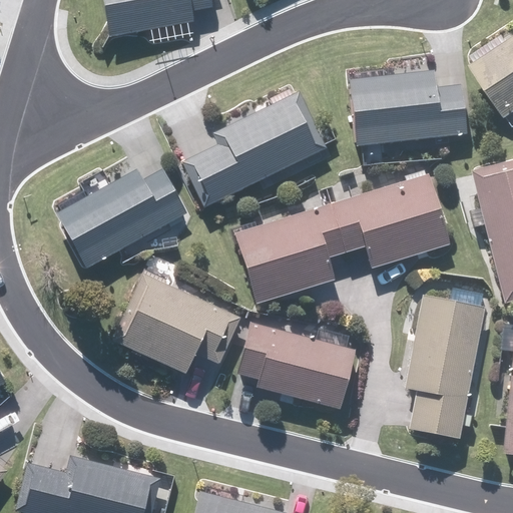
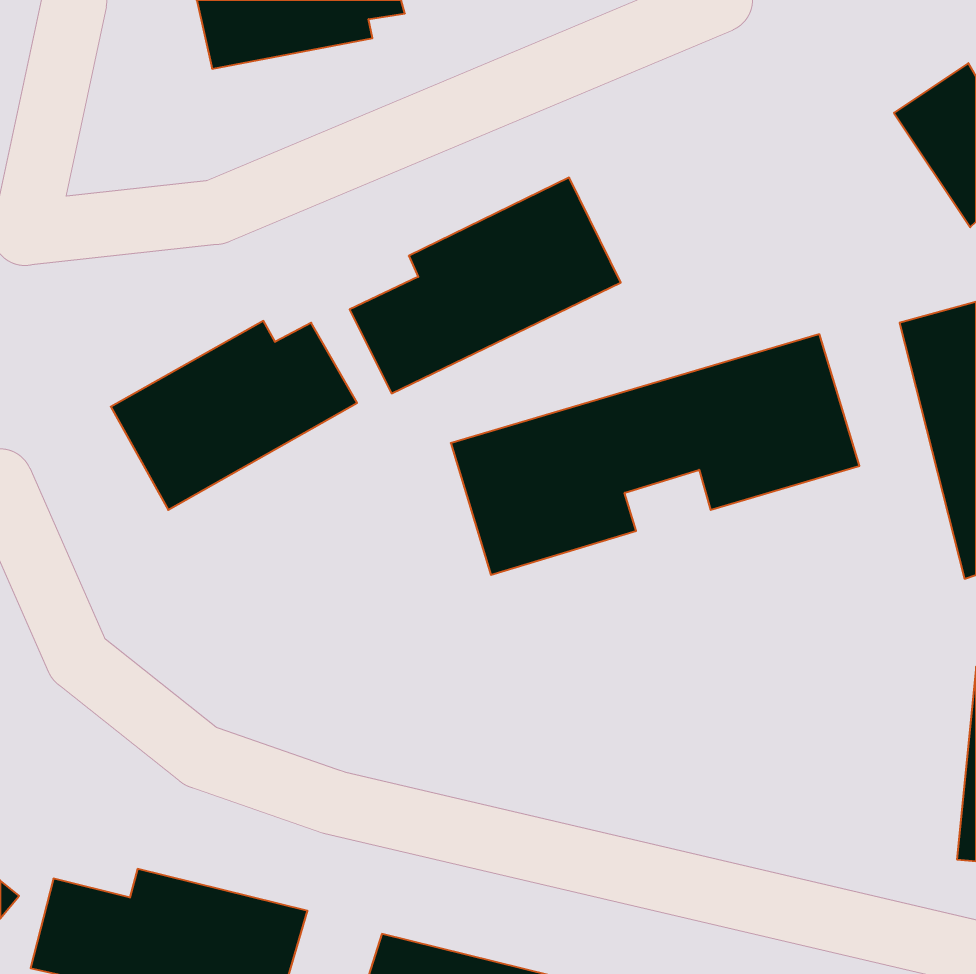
building: [349,71,468,146] -> none
building: [111,273,240,375] -> none
building: [407,297,484,438] -> none
building: [238,323,354,409] -> none

